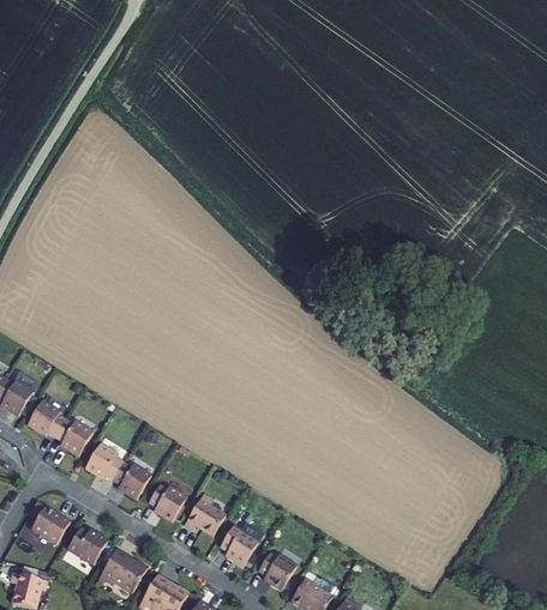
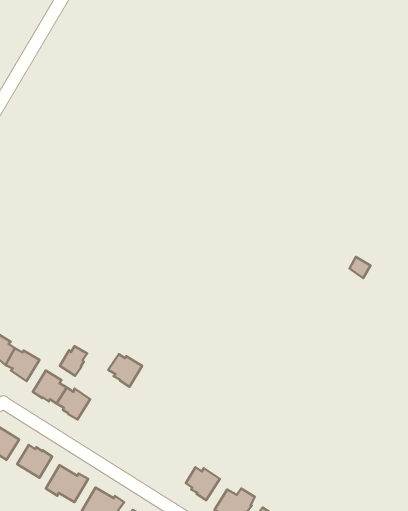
building: none -> [60,346,87,376]
building: [148,484,186,521] -> [108,354,142,387]
building: [184,494,224,536] -> none
building: [220,524,263,566] -> none

